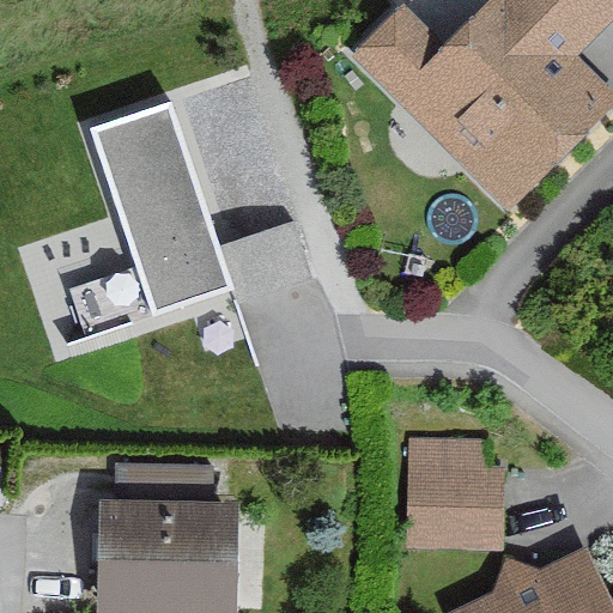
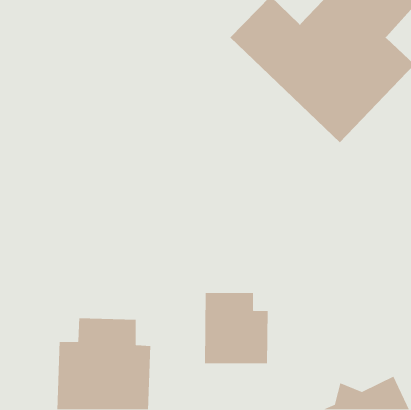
building: [79,101,318,334] -> none
building: [414,443,509,548] -> [204,292,269,364]

